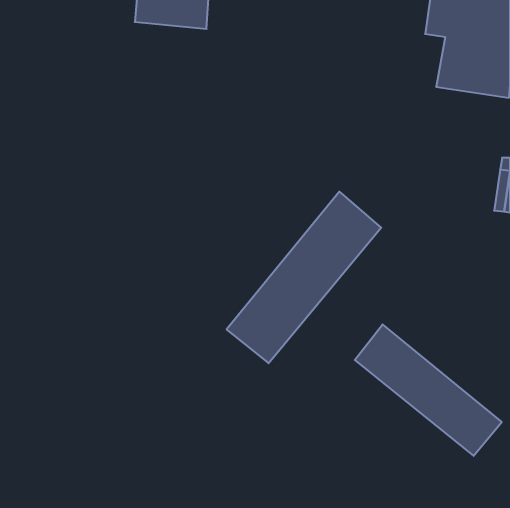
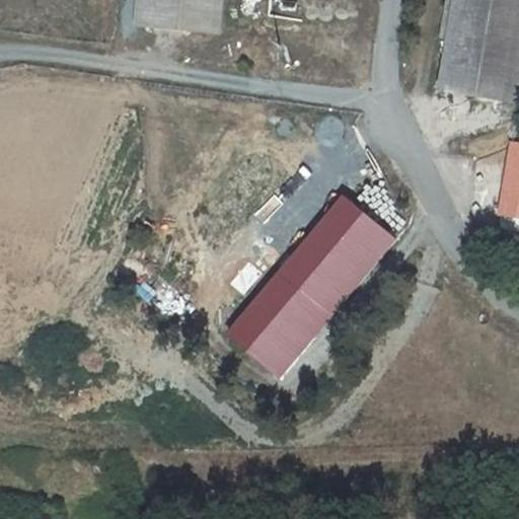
building: [355,324,502,456] -> none

